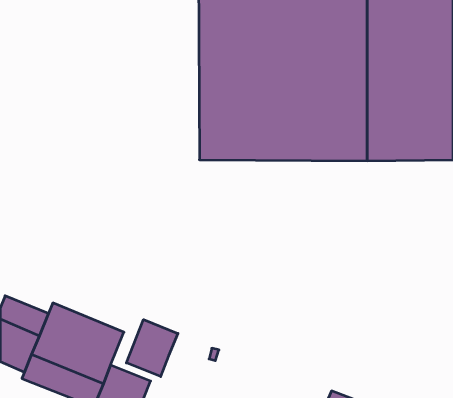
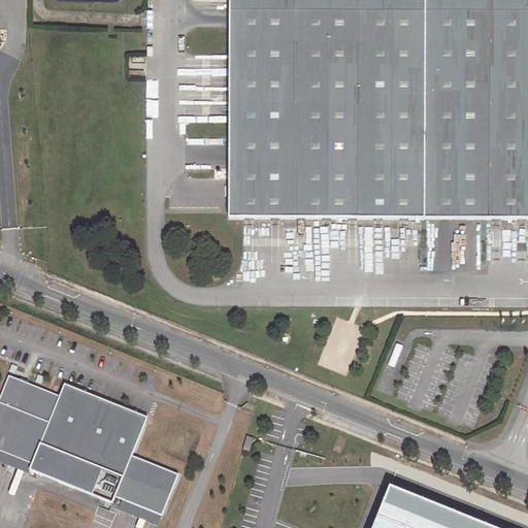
building: [126,320,178,377] -> none

